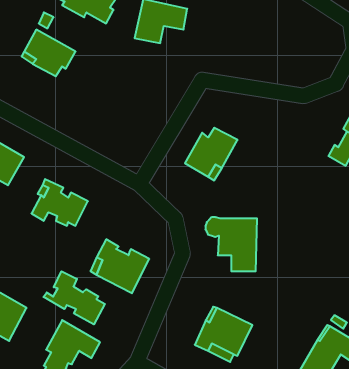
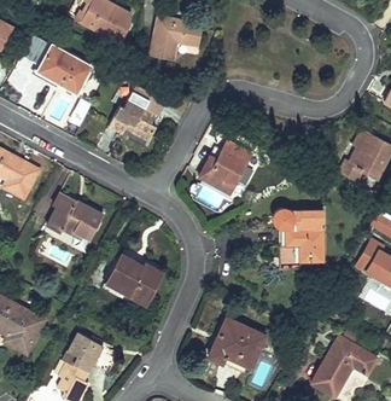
building: none -> [109,98,154,140]
building: [205,217,257,271] -> [273,208,323,261]
building: [43,271,105,324] -> none

